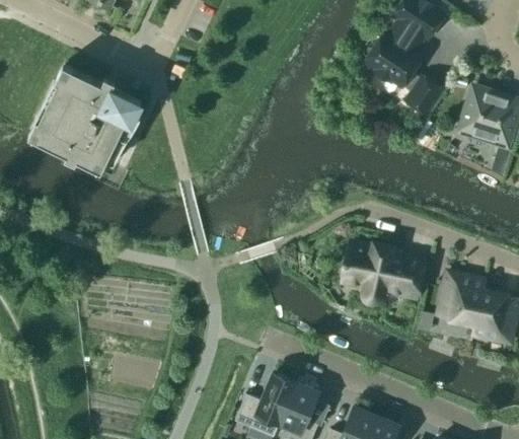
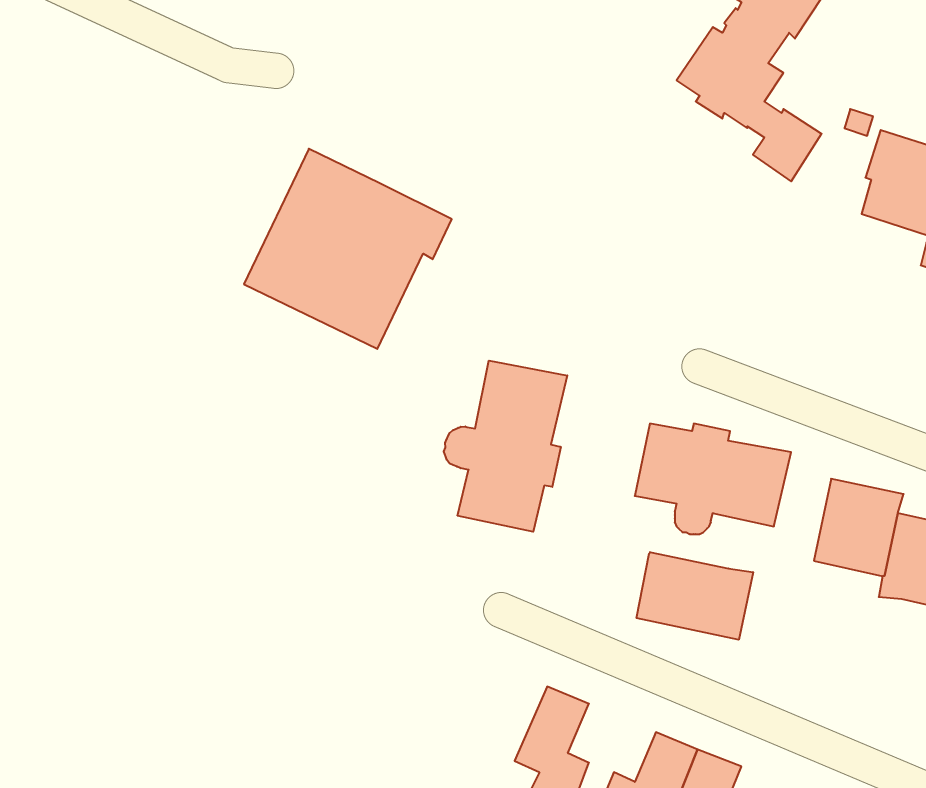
building: [30,67,141,173] -> [244,149,452,349]
building: none -> [444,361,567,532]
building: none -> [637,552,753,640]
building: [235,374,296,431] -> none

